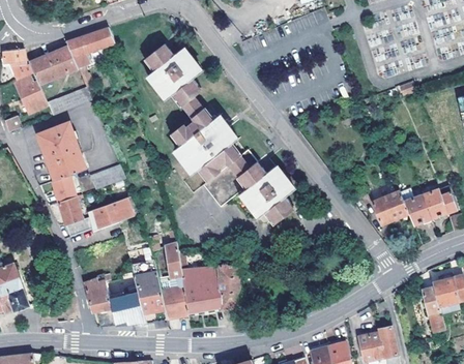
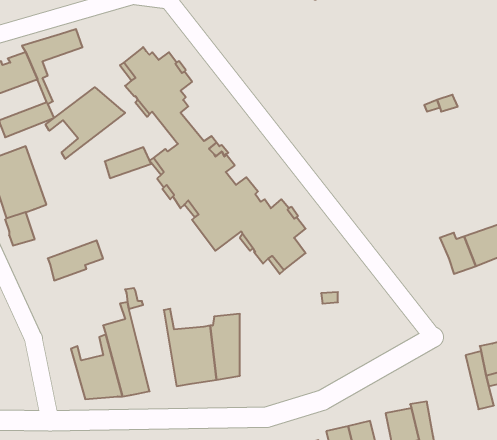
building: none -> [46,87,125,159]
building: [88,165,125,190] -> [105,147,151,178]
building: [367,181,408,223] -> none
building: [58,195,91,237] -> none
building: [157,243,190,318] -> none
building: [84,276,116,327] -> none

